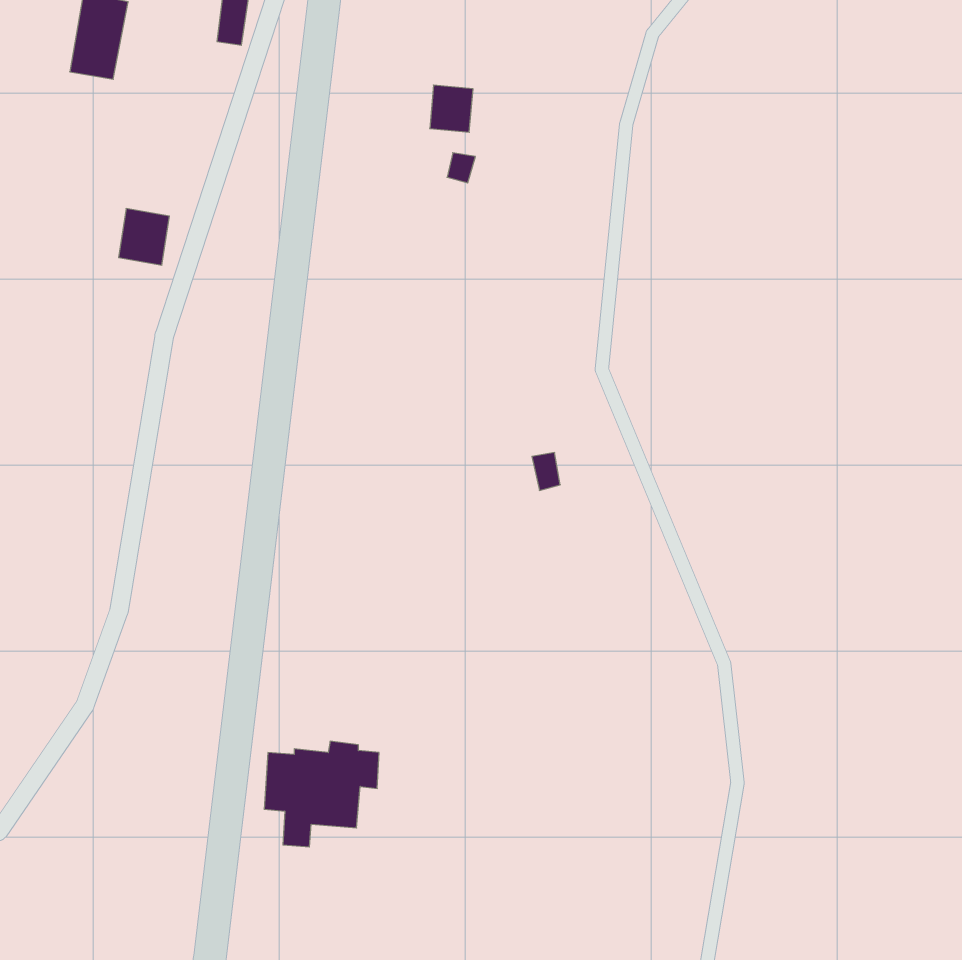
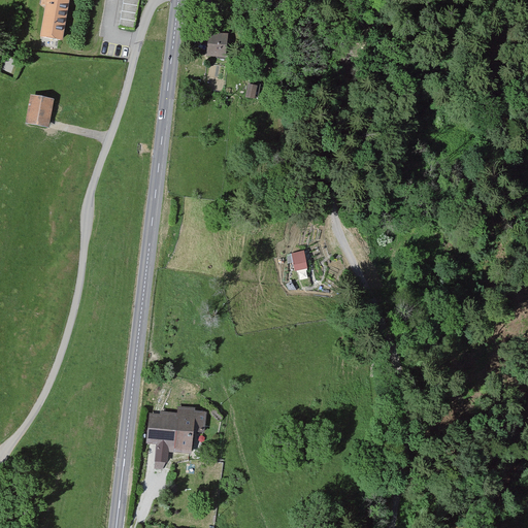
building: [430,85,473,132] -> [205,32,229,58]
building: [119,209,169,265] -> [26,94,54,125]

